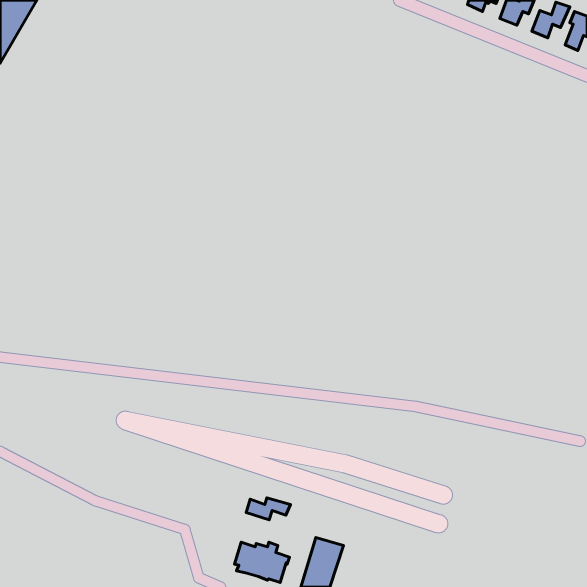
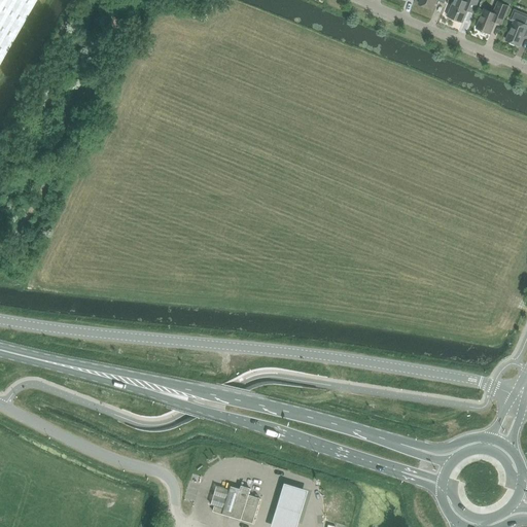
building: [246,498,290,520] -> none

